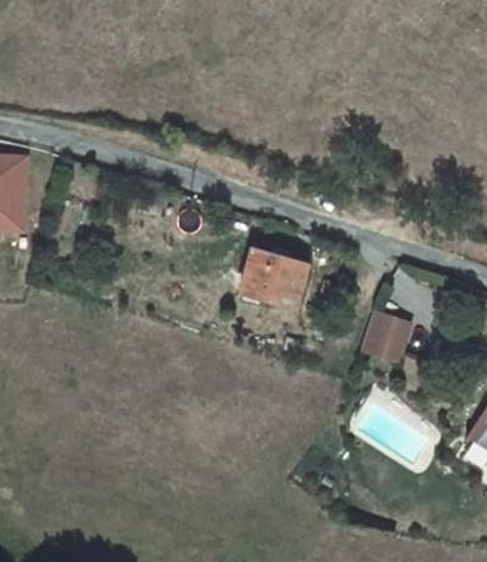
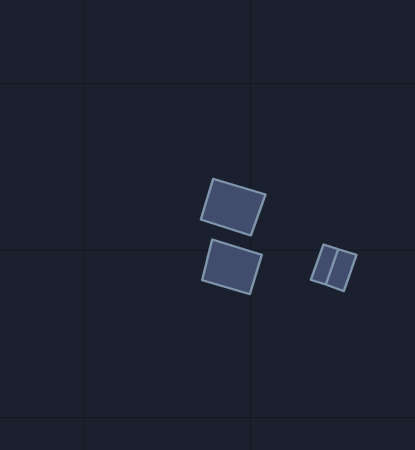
building: none -> [202,240,262,294]

